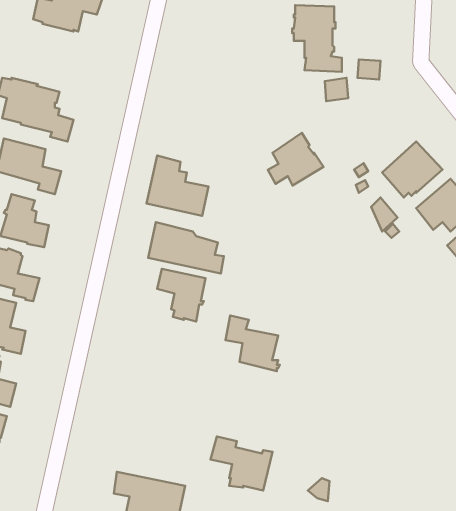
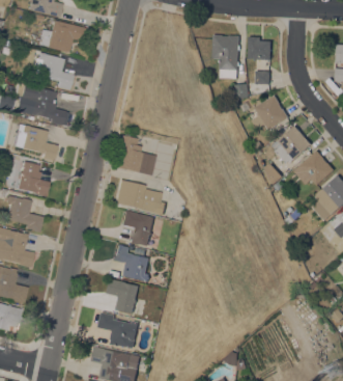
building: none -> [248,36,271,59]
building: none -> [32,52,73,89]
building: [268,133,324,185] -> [252,94,289,130]
building: [226,315,280,371] -> [114,244,150,281]
building: none -> [107,278,139,314]
building: [211,436,273,491] -> [97,311,139,348]

